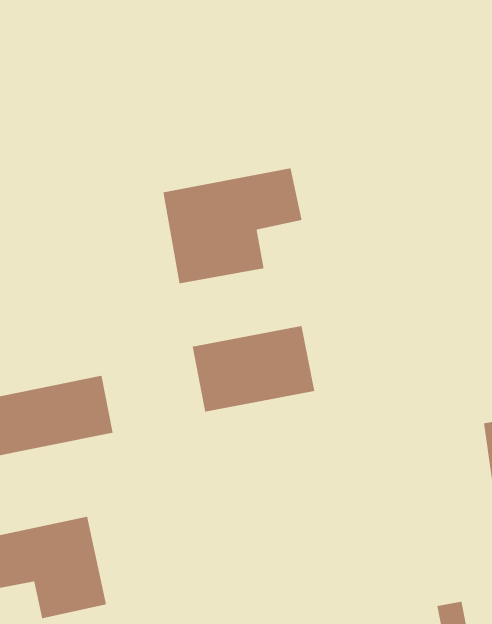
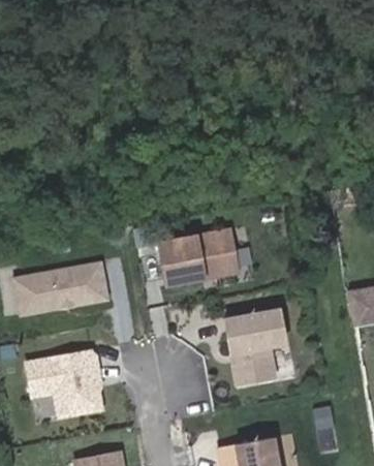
building: [163,168,302,284] -> none
building: none -> [225,309,286,383]

